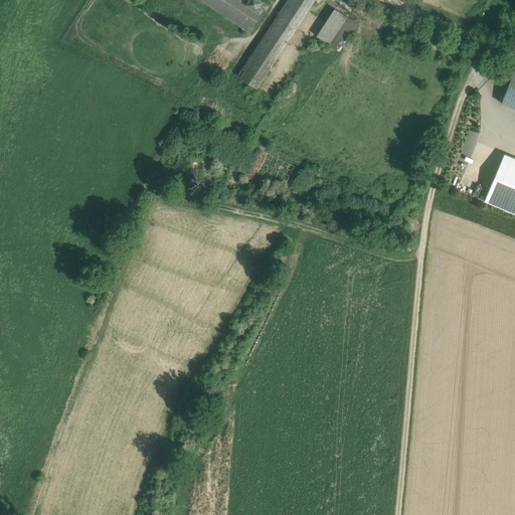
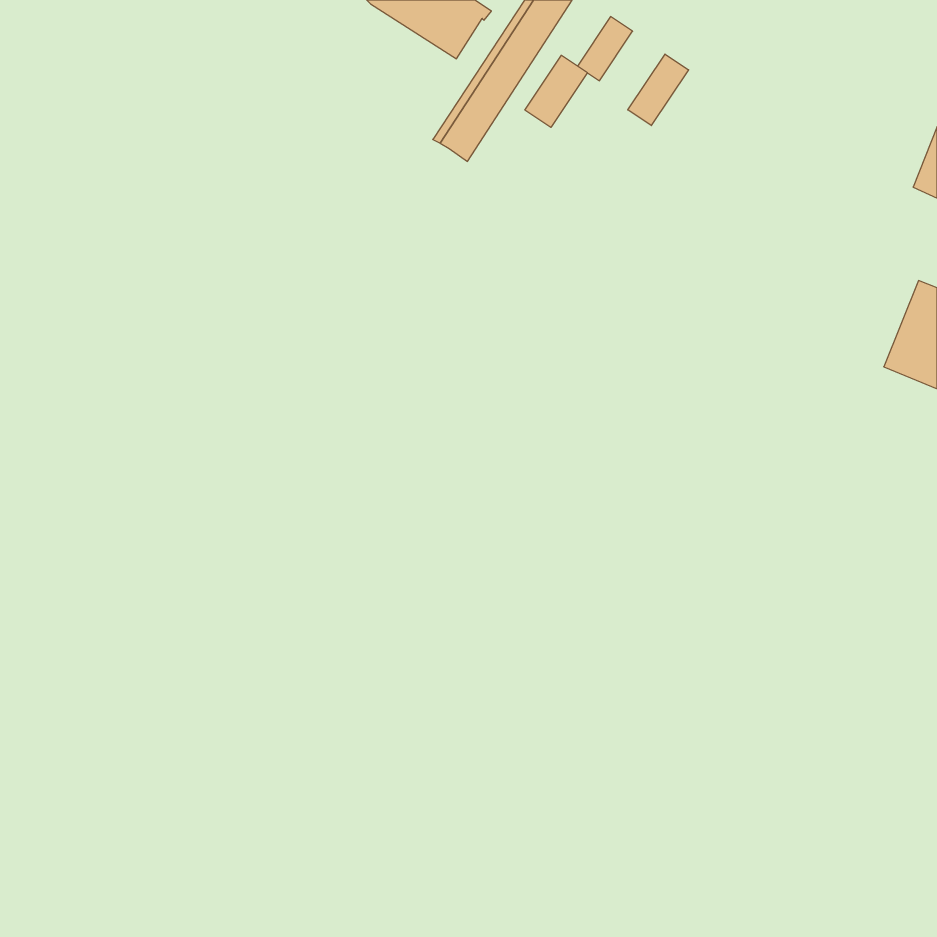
building: none -> [628,54,689,126]
building: none -> [525,55,587,127]

